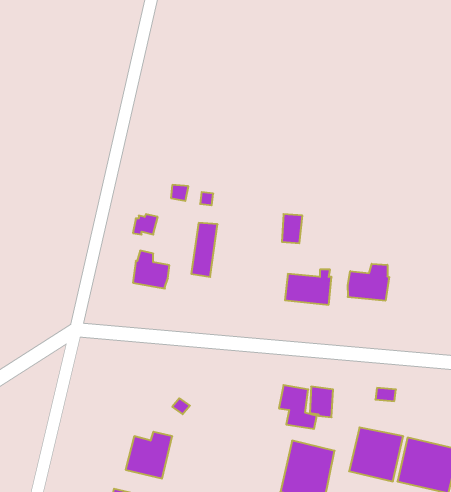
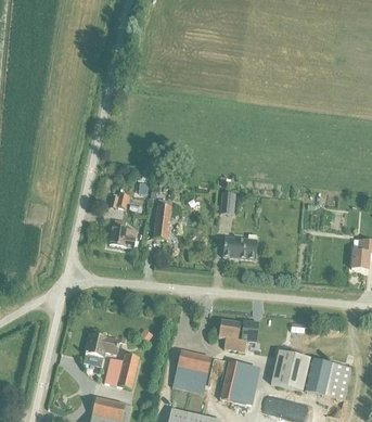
building: [348,264,389,301] -> none
building: none -> [84,333,119,367]
building: none -> [172,349,211,393]

